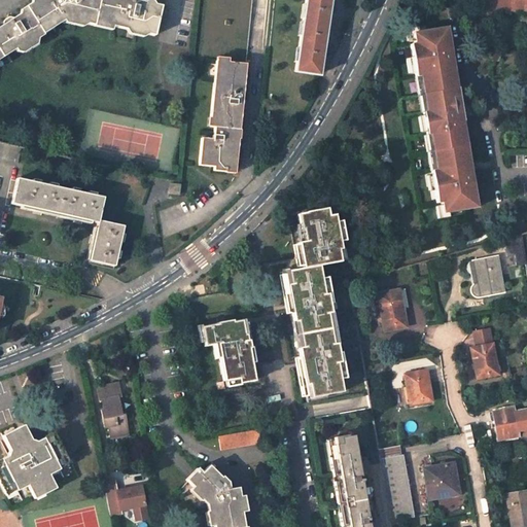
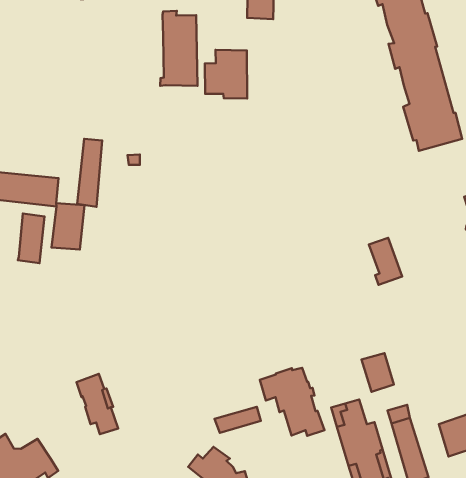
building: [200,124,243,172] -> [205,50,247,99]
building: none -> [77,139,102,207]
building: [288,208,344,396] -> none
building: none -> [18,213,44,263]
building: [203,319,256,383] -> [260,368,325,436]
building: [407,371,433,405] -> [362,353,394,392]

